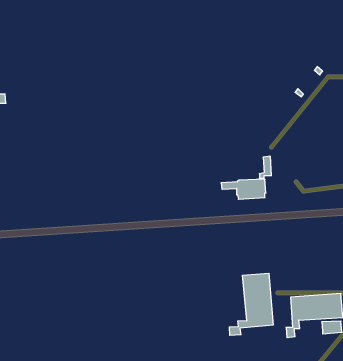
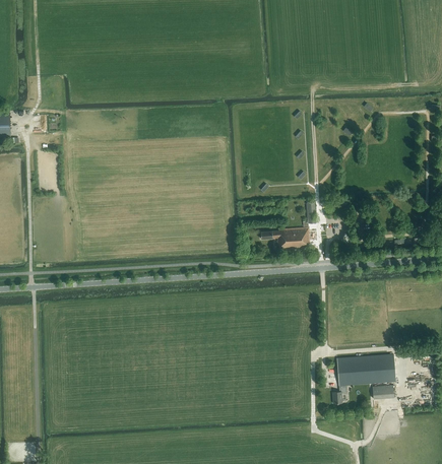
building: [229,273,273,335] -> none

